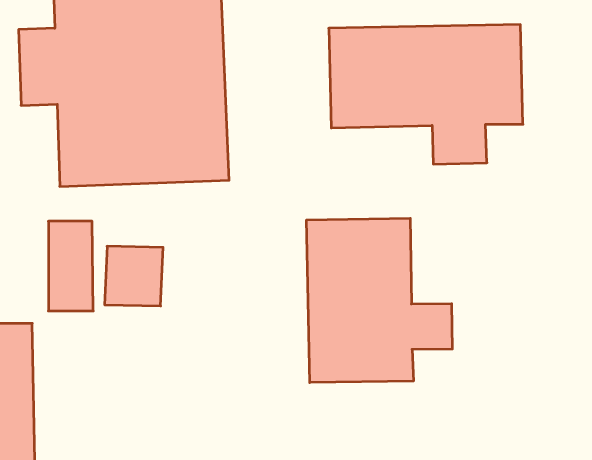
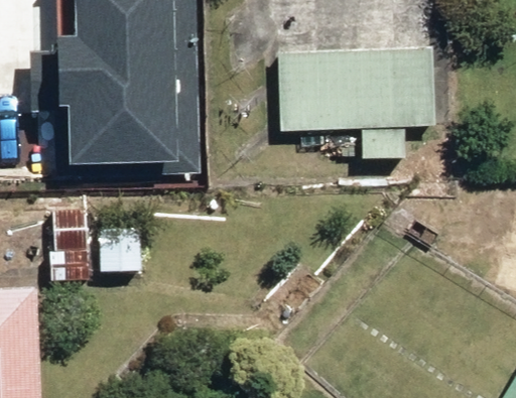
building: [307,218,452,383] -> none

